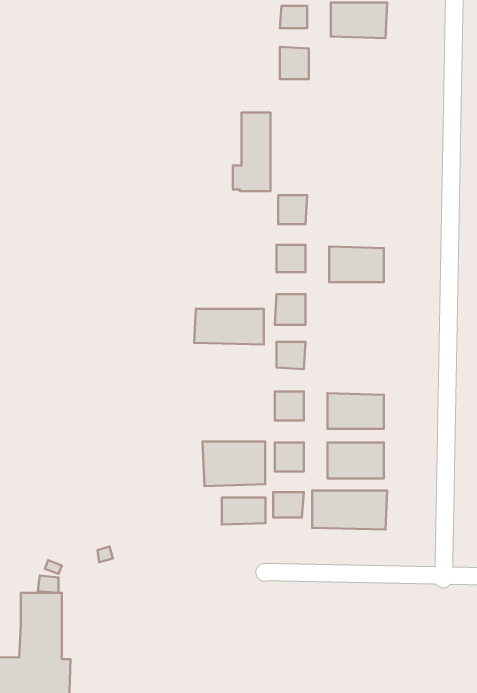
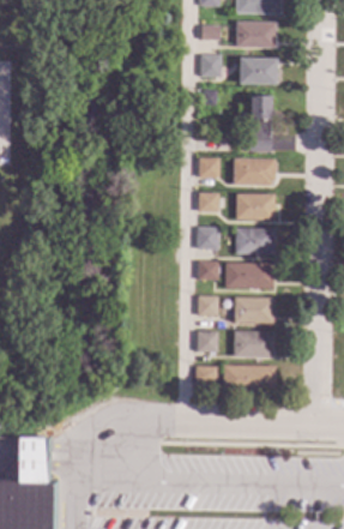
building: none -> [239,58,277,83]
building: [233,113,270,191] -> [245,96,271,151]
building: none -> [234,158,274,184]
building: none -> [235,228,274,253]
building: [194,309,264,345] -> [224,263,273,288]
building: [203,441,265,486] -> none
building: [222,497,266,524] -> none

